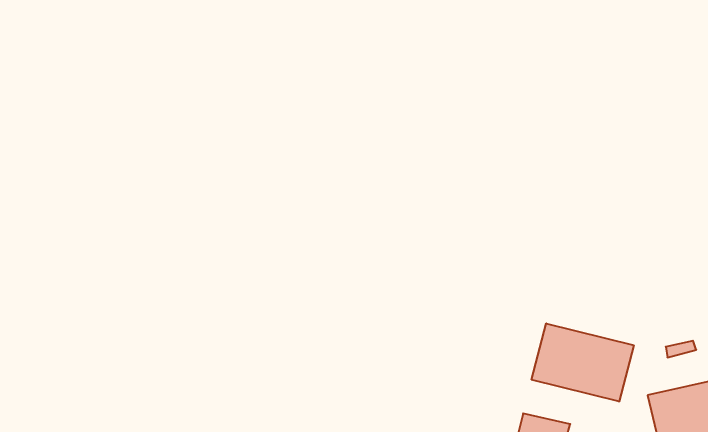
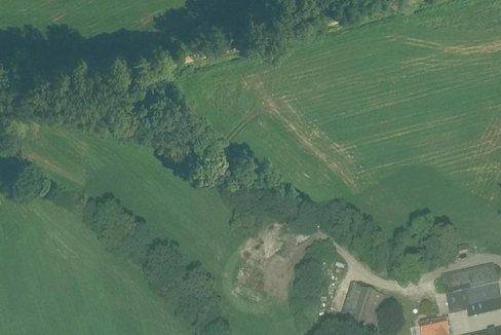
building: [532,323,634,402] -> none

